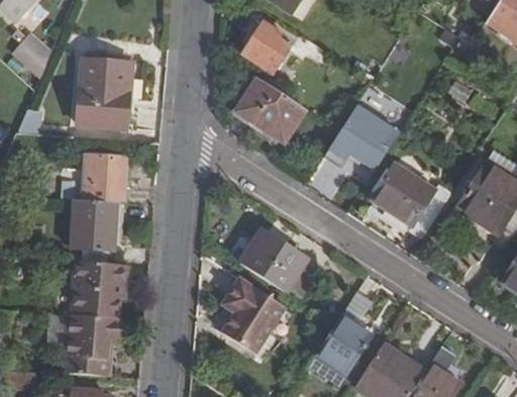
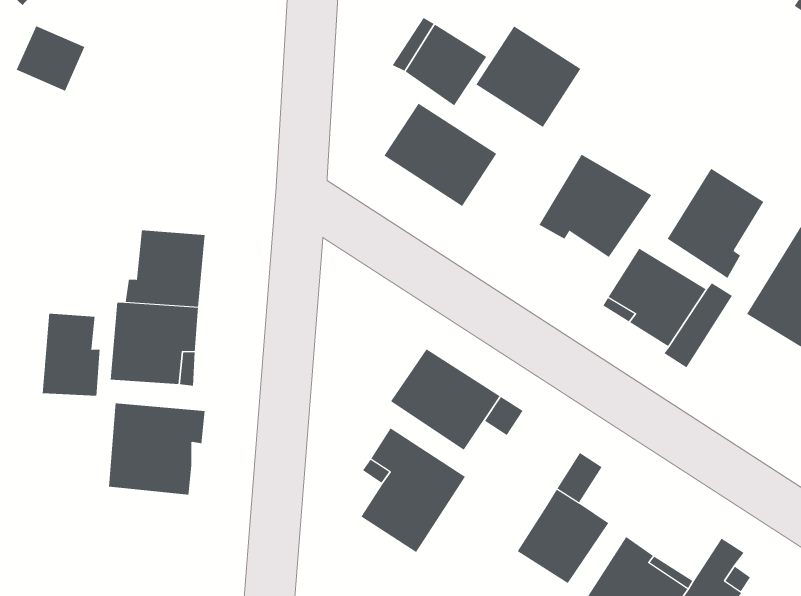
building: none -> [476,25,581,128]
building: [78,46,132,128] -> none
building: none -> [667,168,764,279]
building: none -> [42,313,100,396]
building: [62,313,119,376] -> none

